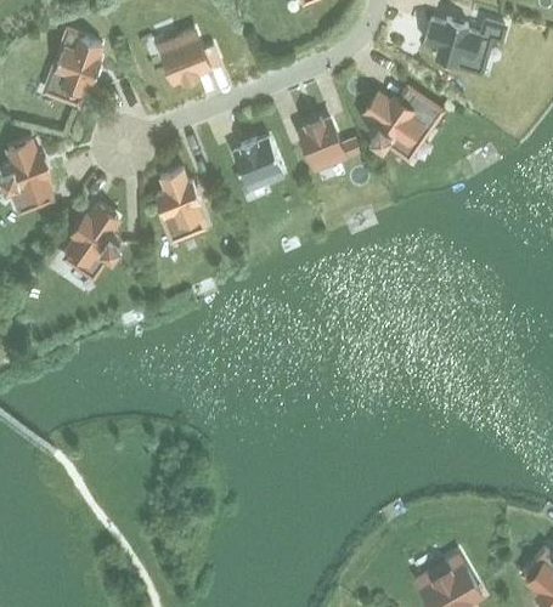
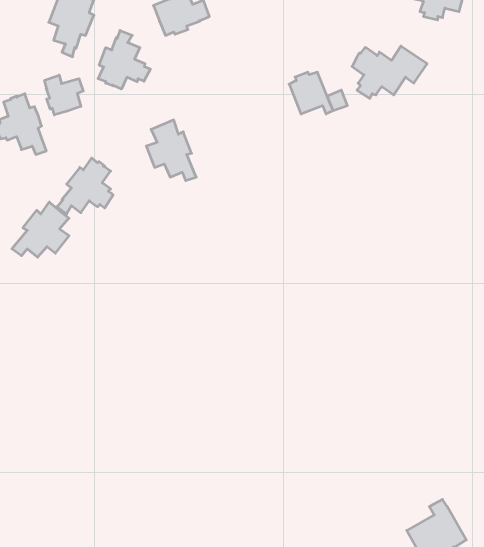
building: none -> [98,30,150,89]
building: none -> [45,75,83,115]
building: [231,138,282,186] -> none
building: none -> [12,202,69,257]

